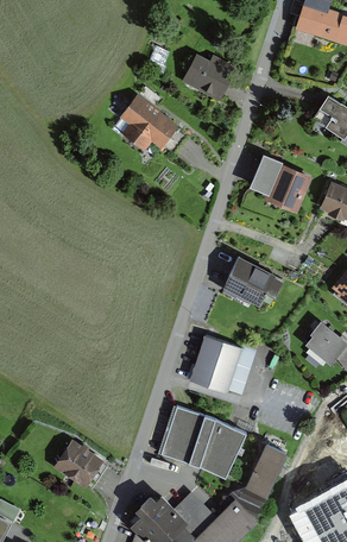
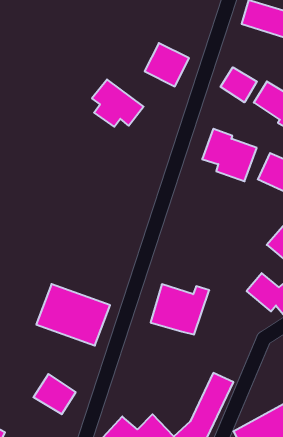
building: none -> [221,67,257,102]
building: [223,256,279,308] -> none
building: [159,404,246,477] -> [36,284,110,346]

